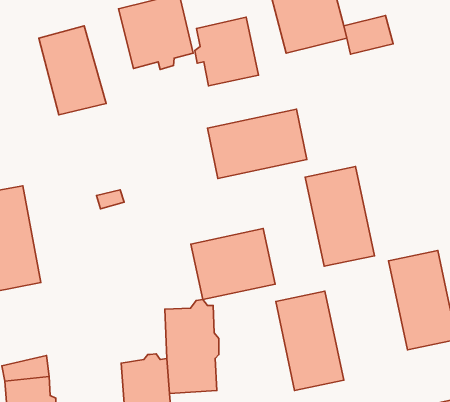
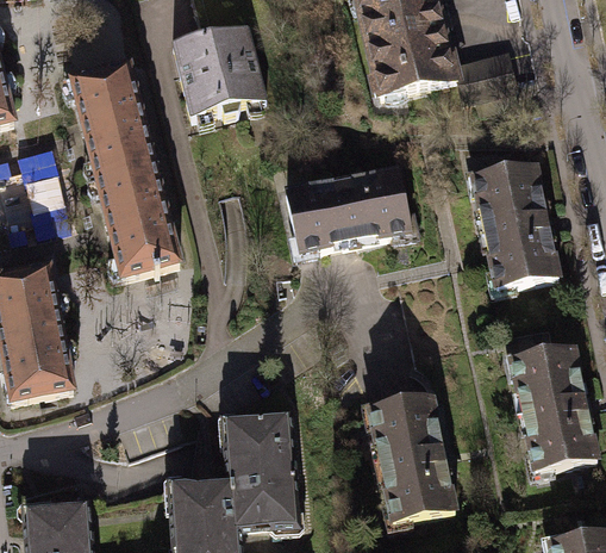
building: [195,17,259,86] -> none
building: none -> [96,161,179,276]
building: [305,167,374,266] -> [470,162,557,287]
building: [191,229,275,300] -> none

